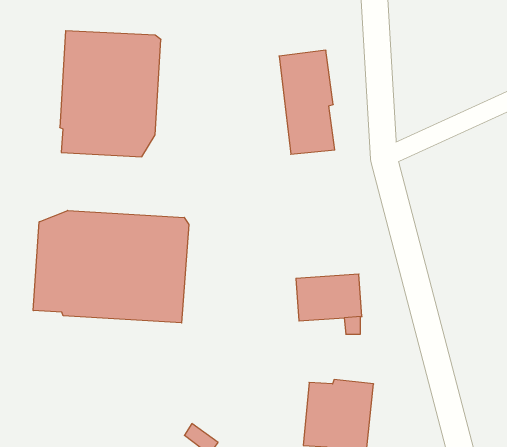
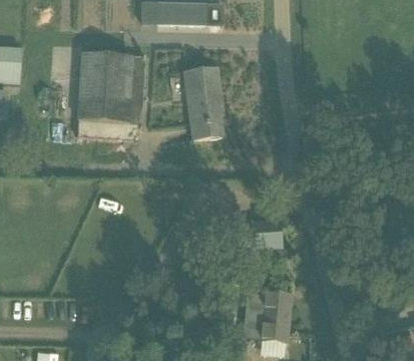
building: [279,50,335,154] -> [185,68,224,139]
building: [33,210,189,323] -> none

